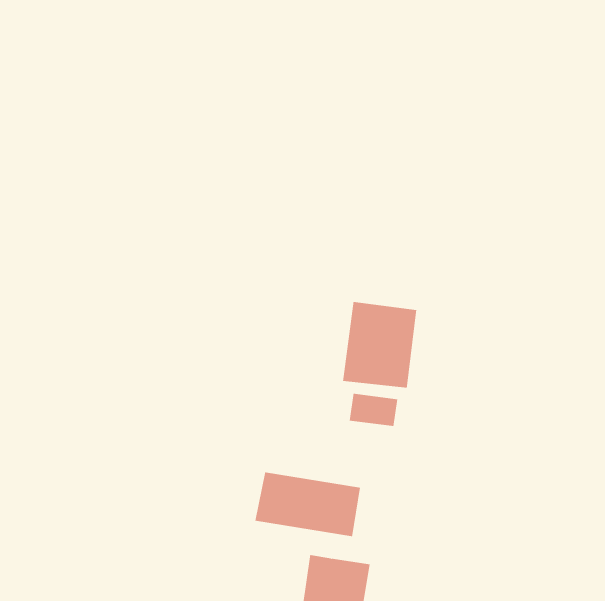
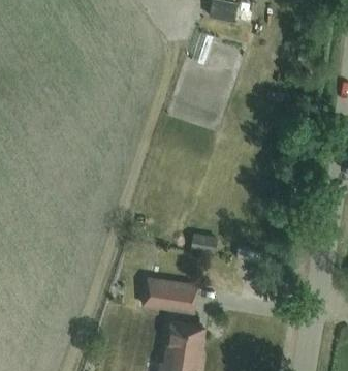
building: [343,301,417,388] -> none

